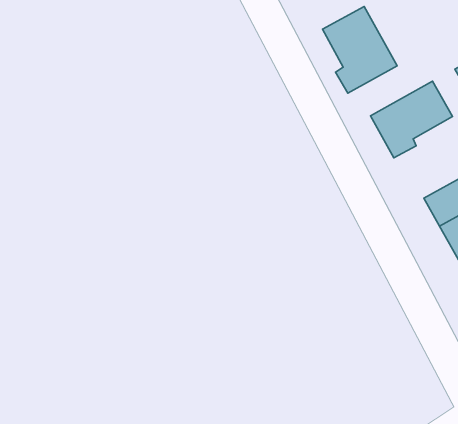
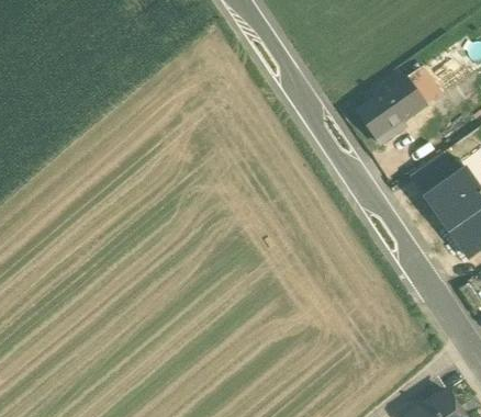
building: [322,7,397,93] -> none

